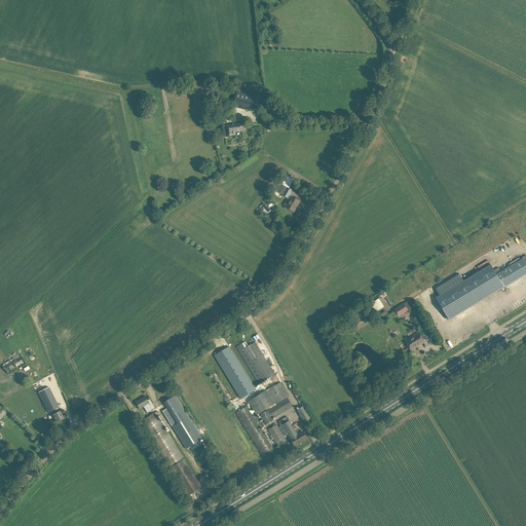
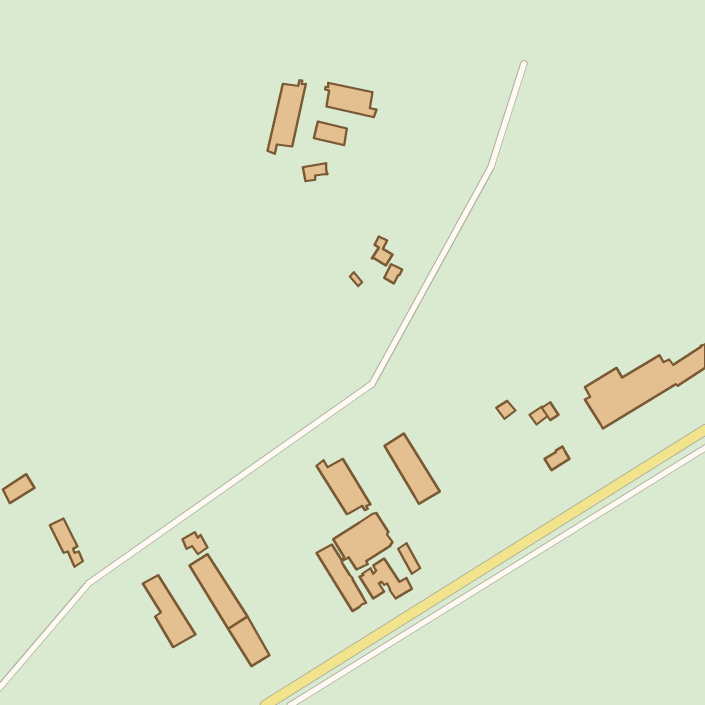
building: none -> [268,80,306,154]
building: none -> [325,83,376,117]
building: [214,345,255,398] -> [384,433,440,504]
building: [163,394,202,448] -> [143,575,195,647]

